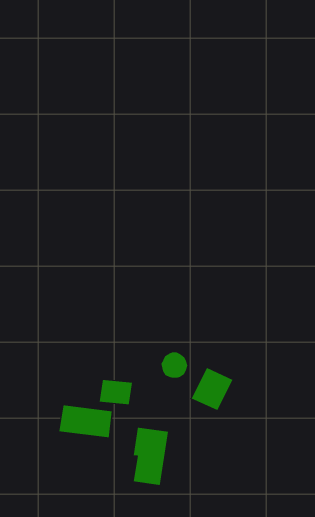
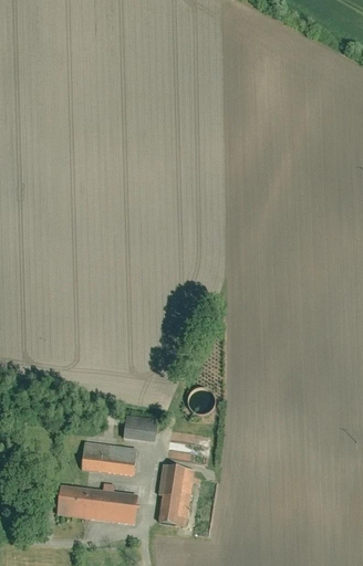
building: [191,367,233,411] -> none
building: none -> [55,482,137,524]

